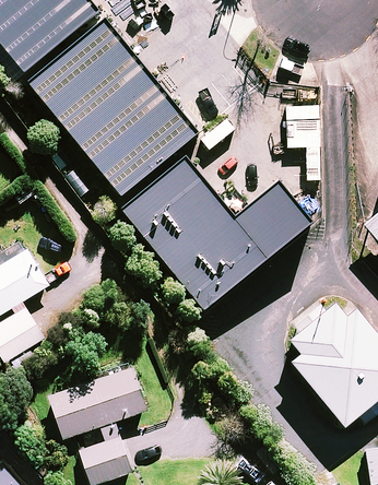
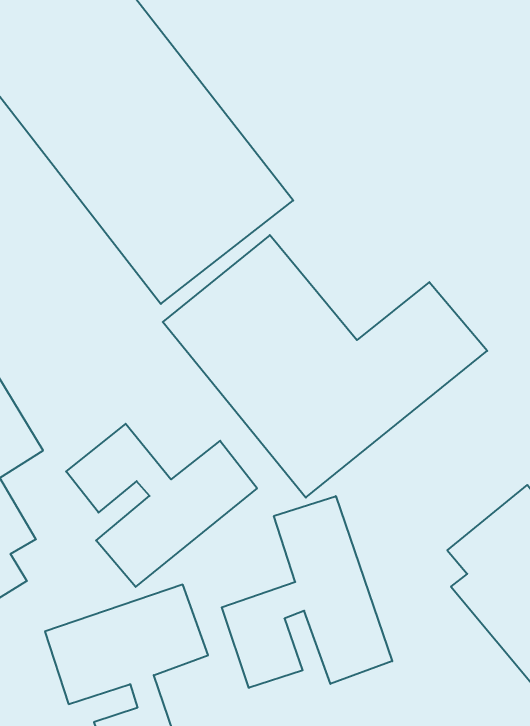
building: none -> [66,424,257,587]
building: none -> [222,496,392,688]

